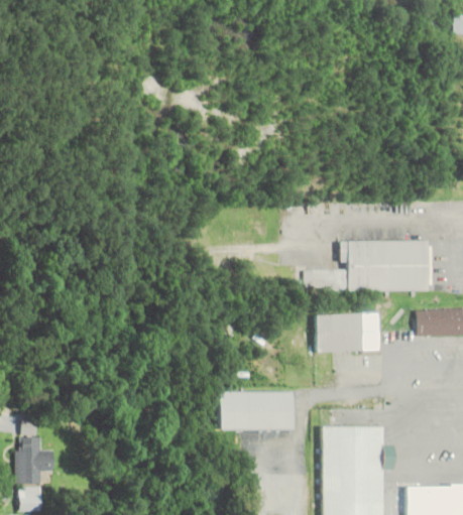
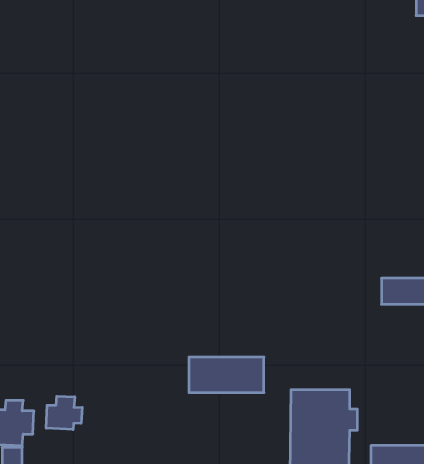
building: [306,241,430,290] -> none
building: [316,313,379,352] -> none
building: none -> [46,396,82,430]

